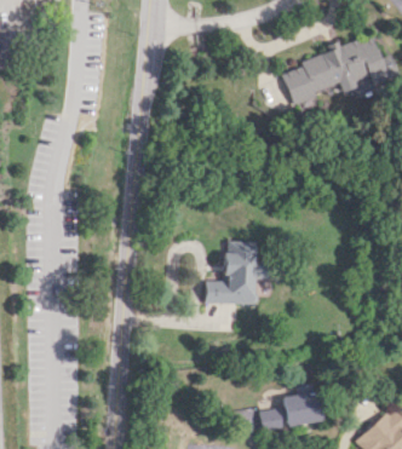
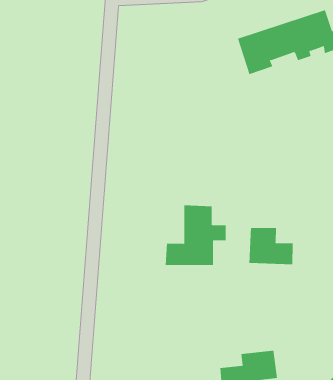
building: none -> [249,227,293,265]

